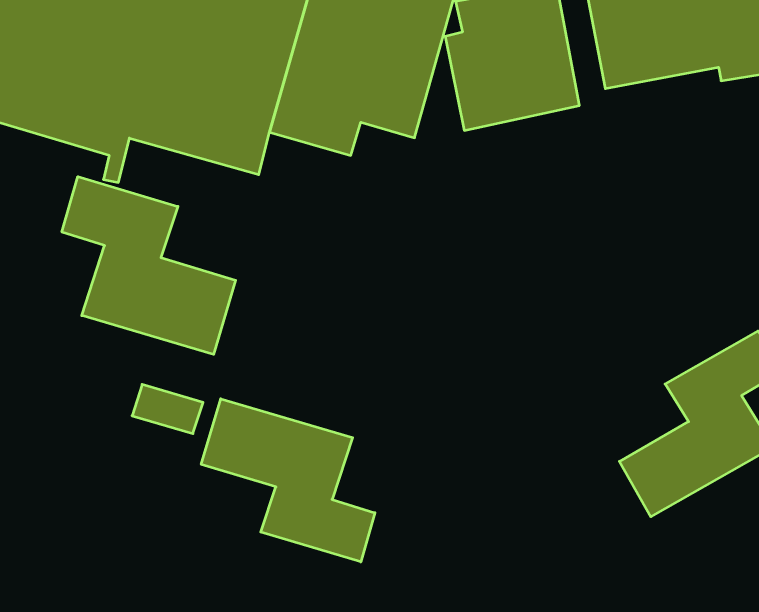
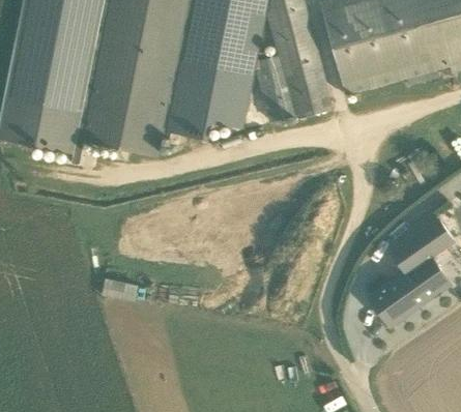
building: [62,177,236,354] -> none
building: [201,399,375,562] -> none

